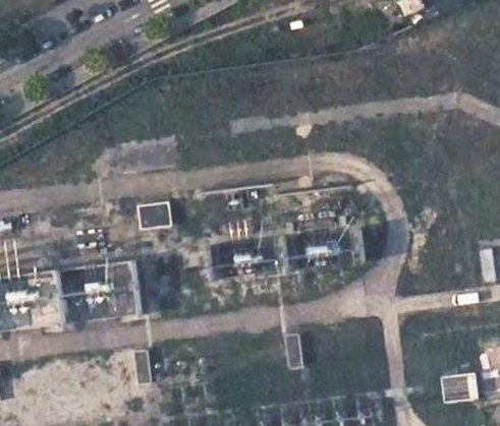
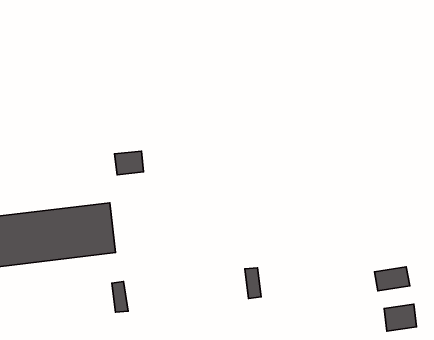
building: none -> [374,267,410,291]

